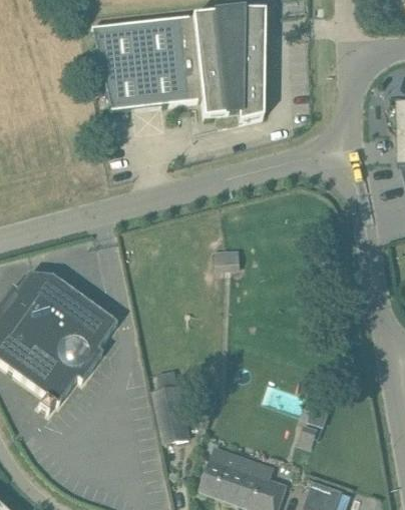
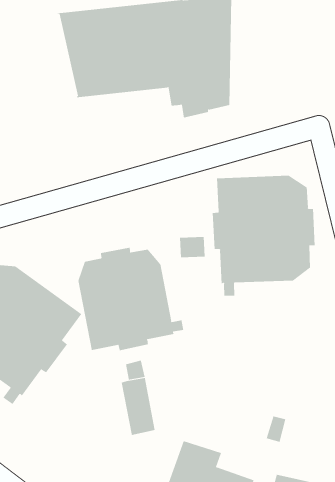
building: none -> [212,175,315,296]
building: none -> [78,247,184,351]

